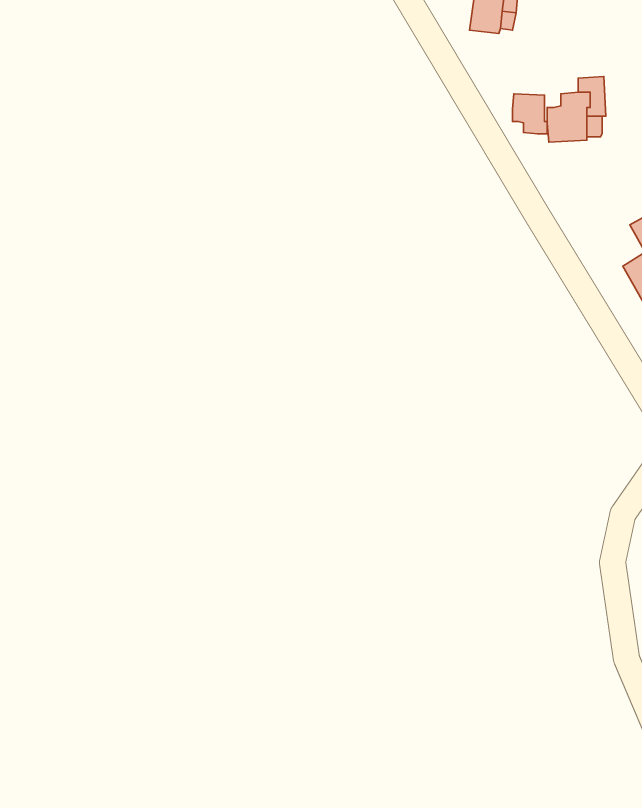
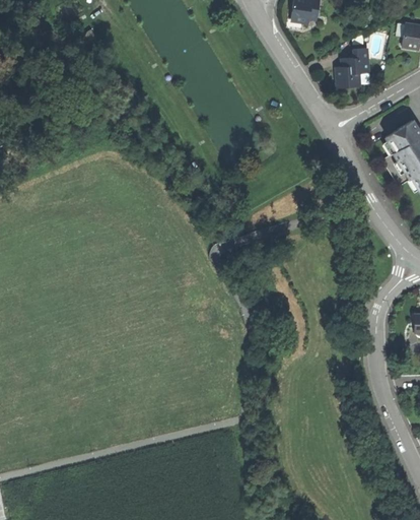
building: [513,94,547,134] -> none

